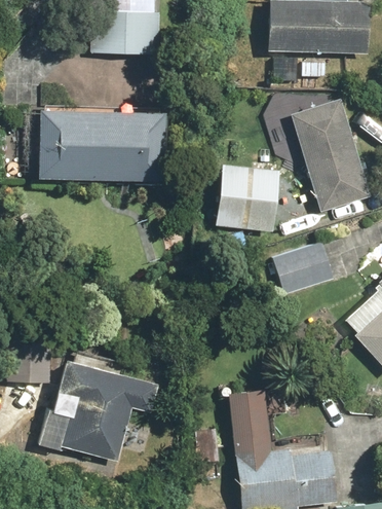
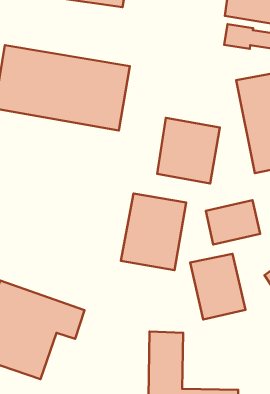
building: none -> [121,193,186,270]
building: none -> [190,254,246,320]

